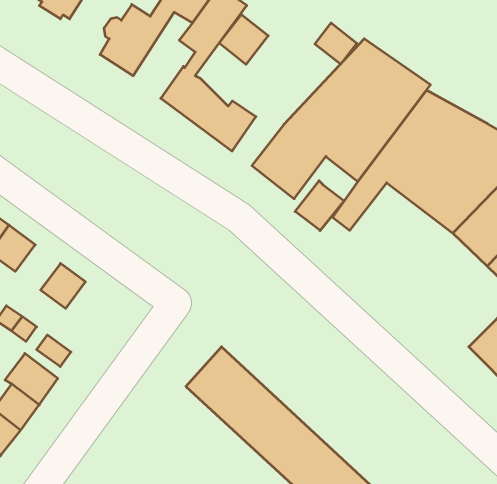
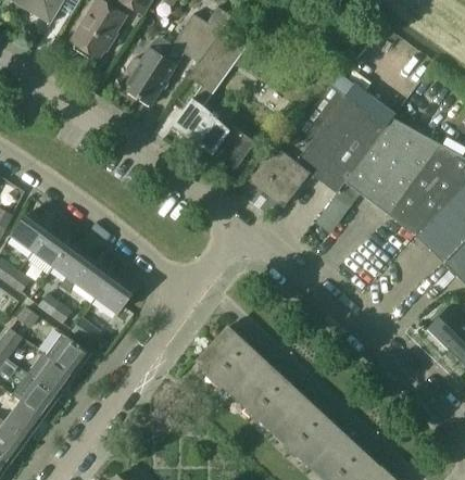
building: [219,14,268,64] -> none
building: [315,23,357,64] -> none
building: [295,181,344,231] -> none
building: none -> [54,244,91,291]
building: none -> [96,275,134,313]

